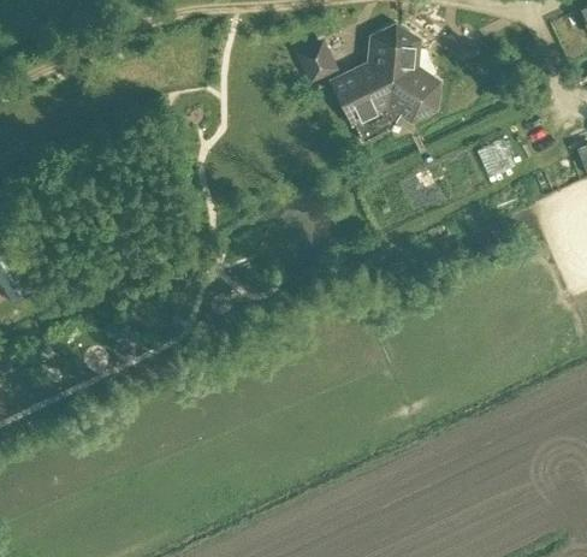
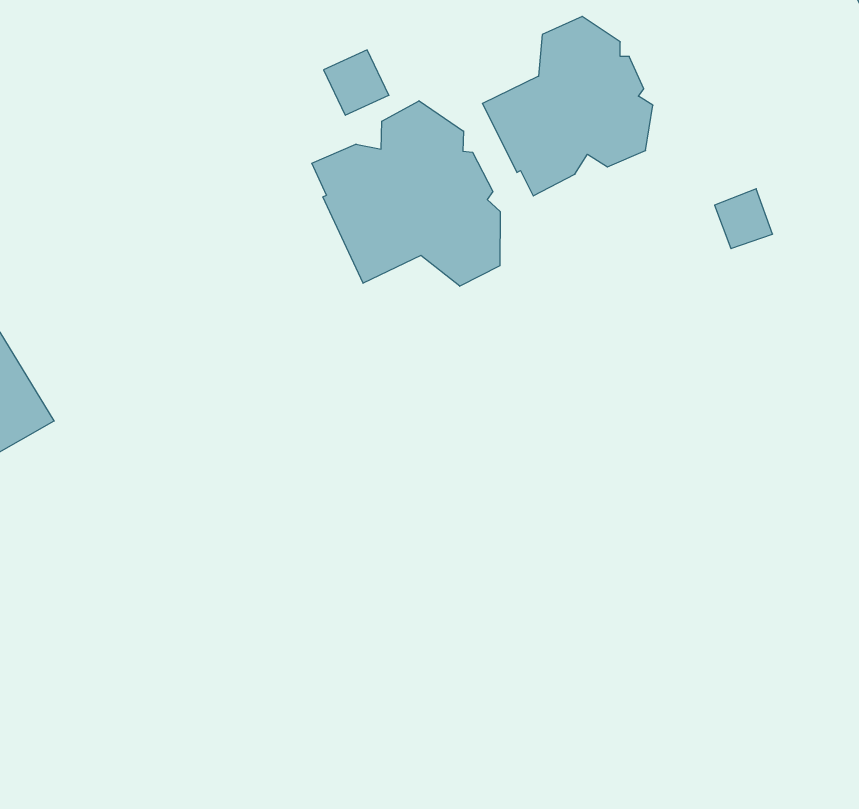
building: [292,40,336,83] -> [324,50,389,115]
building: none -> [312,101,500,286]

